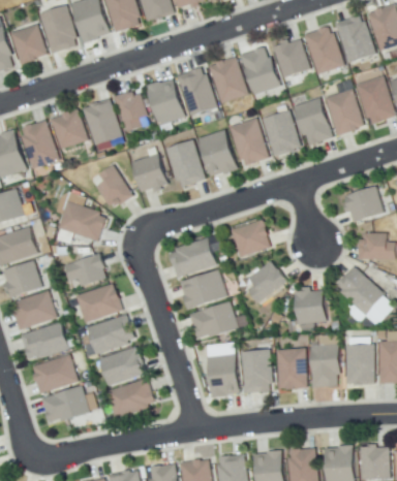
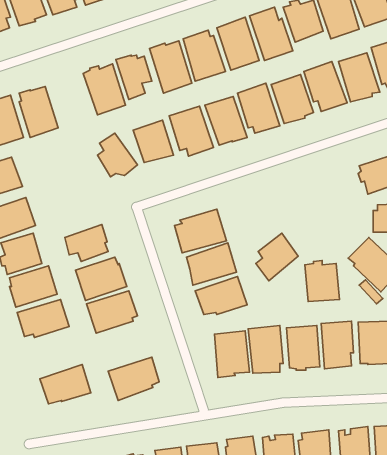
building: [50,107,88,151] -> none
building: [57,200,106,241] -> none
building: [230,219,271,257] -> none
building: [98,347,145,386] -> none
building: [31,354,75,394] -> none

